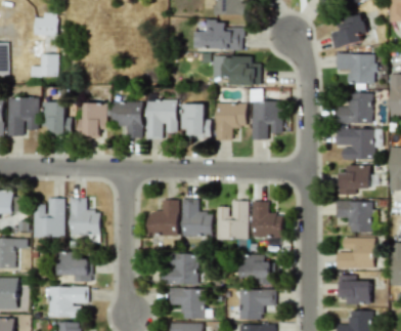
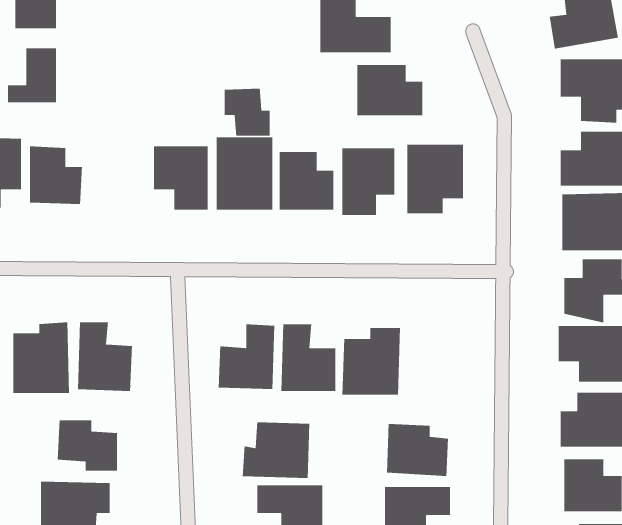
building: none -> [224,88,270,136]
building: [77,102,106,136] -> none
building: [252,202,281,239] -> none

